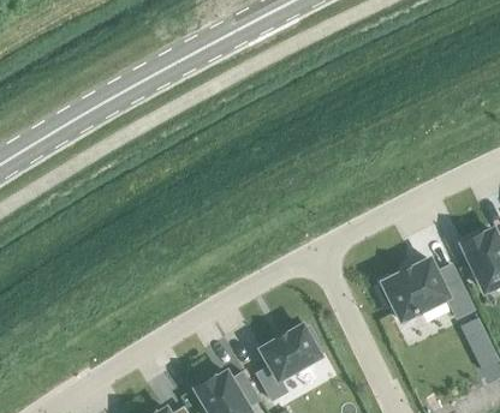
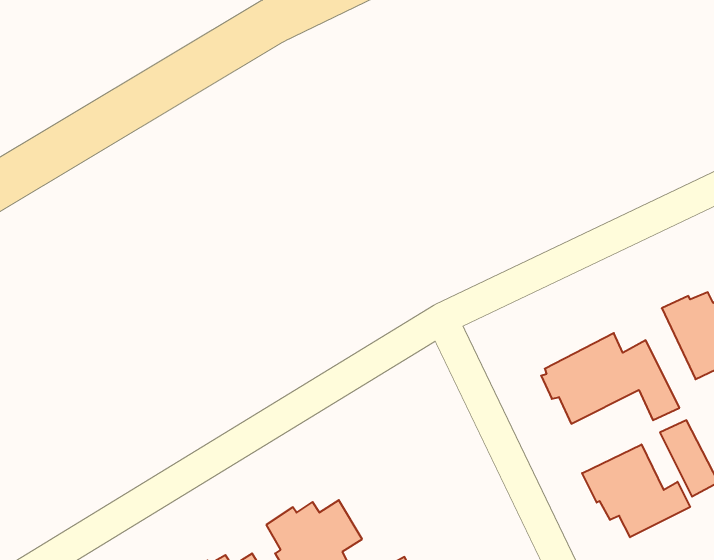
building: [256,325,320,400] -> none
building: none -> [582,444,690,537]

